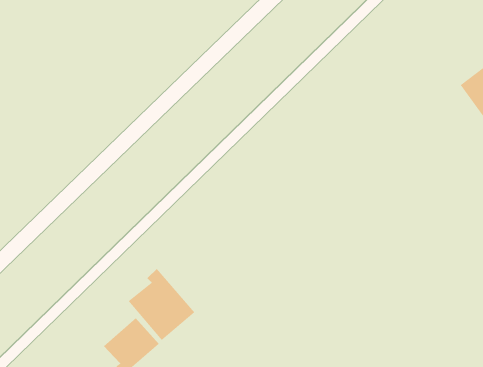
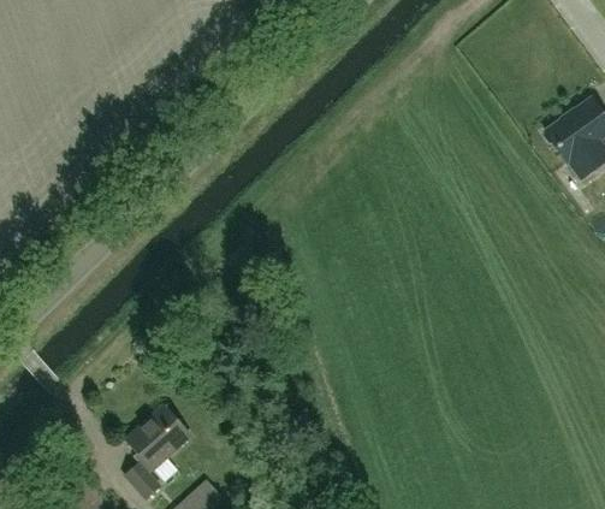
building: [128,268,195,341] -> none

